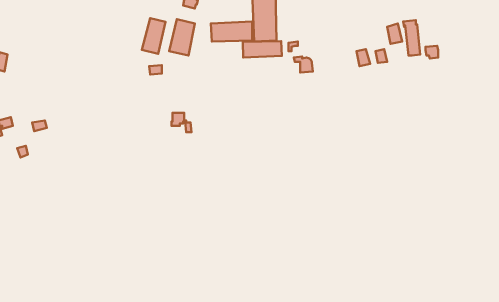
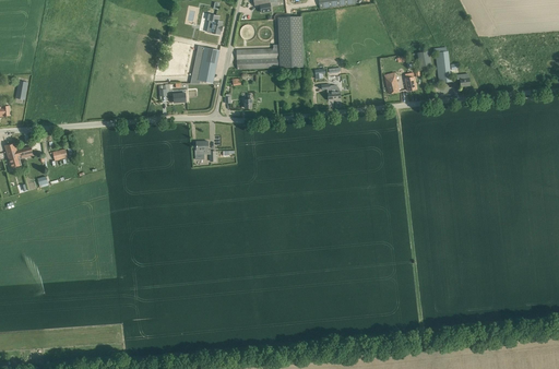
building: [142,18,166,54] -> none
building: [243,41,282,57] -> none

